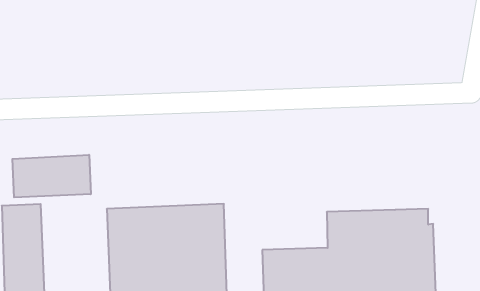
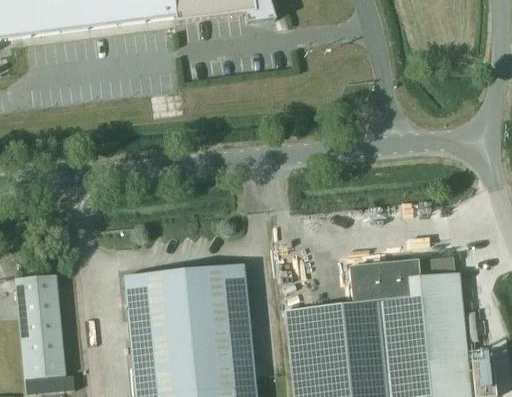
building: [12,155,91,197] -> none

